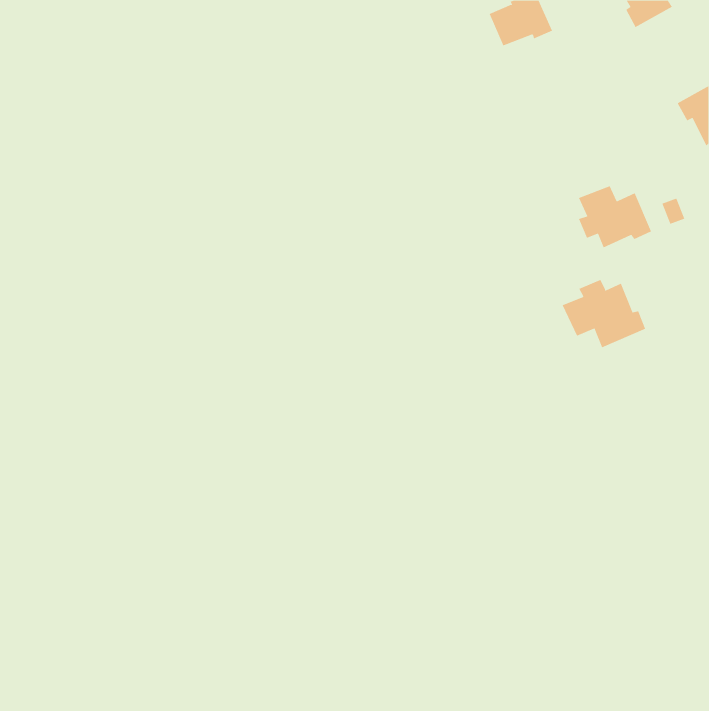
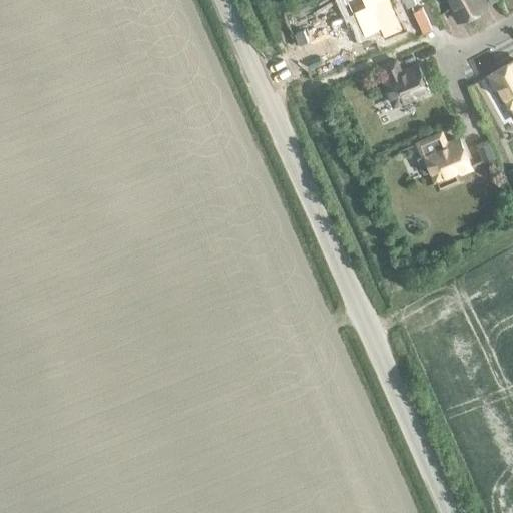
building: none -> [382,61,428,104]
building: [562,279,646,348] -> none

